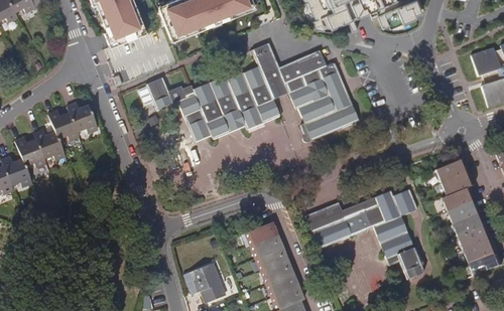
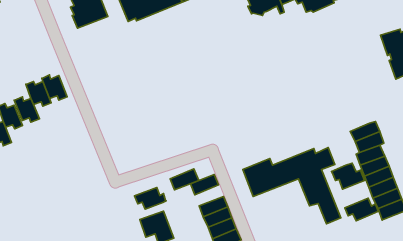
building: [139,43,358,143] -> none
building: none -> [332,163,364,189]
building: [249,234,283,259] -> [170,169,199,190]
building: none -> [135,187,166,209]
building: none -> [345,198,378,221]

